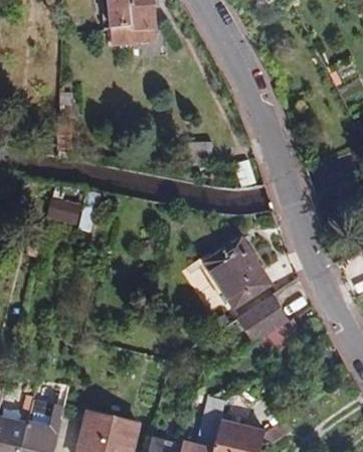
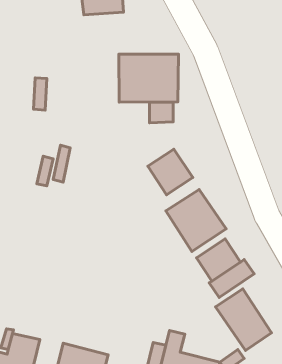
building: none -> [119,54,179,102]
building: none -> [148,149,193,195]
building: none -> [216,289,271,351]

